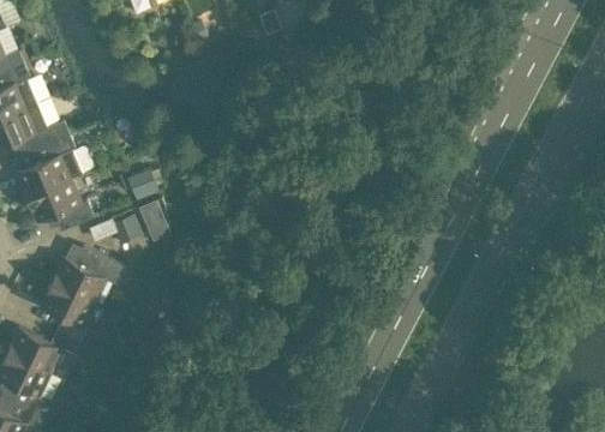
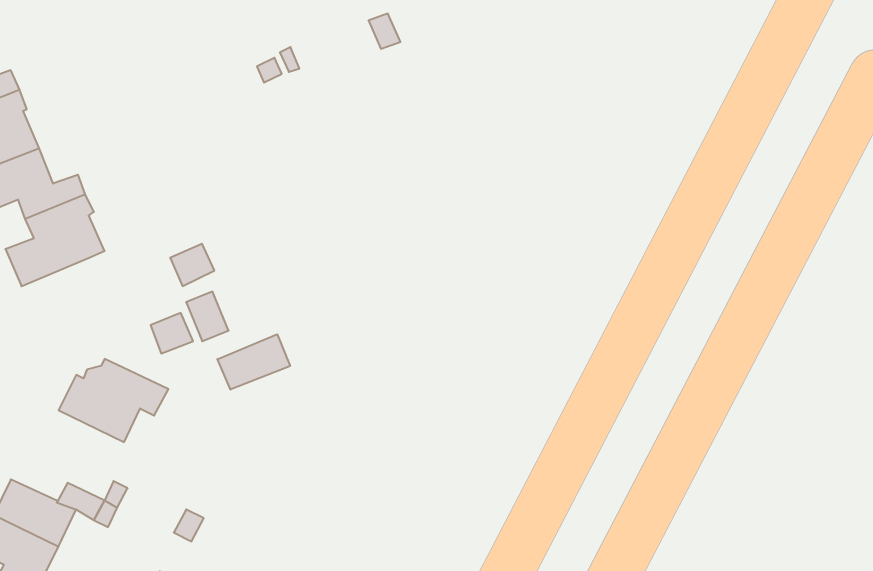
building: [25,178,94,230] -> none
building: none -> [217,334,290,390]
building: [38,281,95,328] -> none

